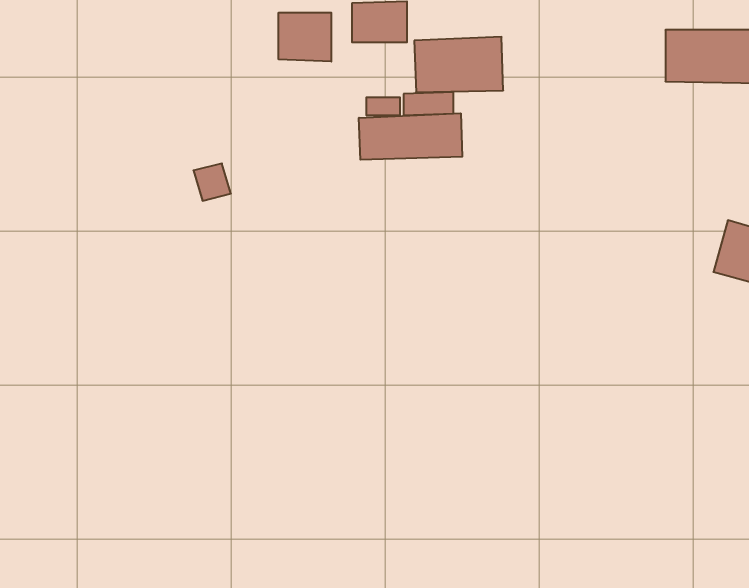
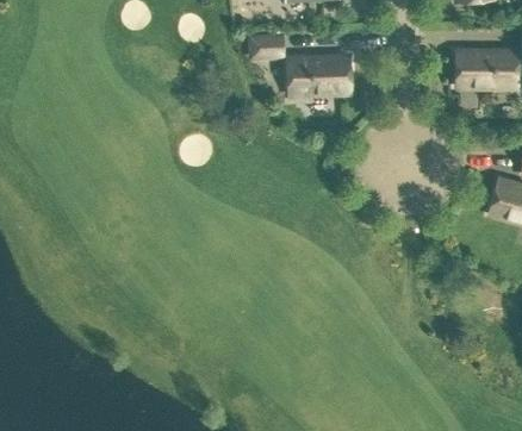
building: [279,13,331,62] -> none
building: [359,113,462,160] -> none

